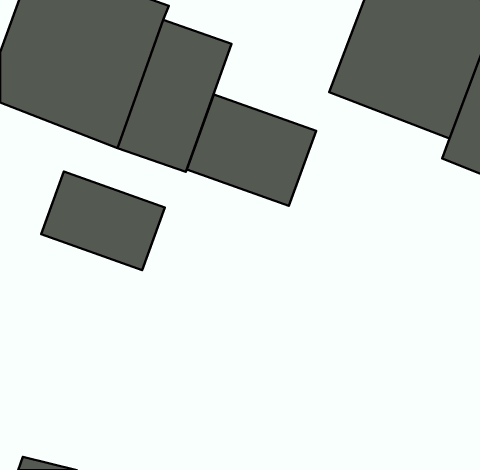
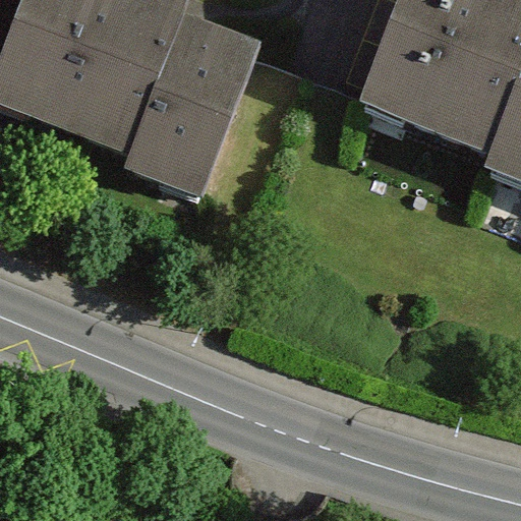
building: [187,95,316,206] -> none
building: [41,171,165,270] -> none

